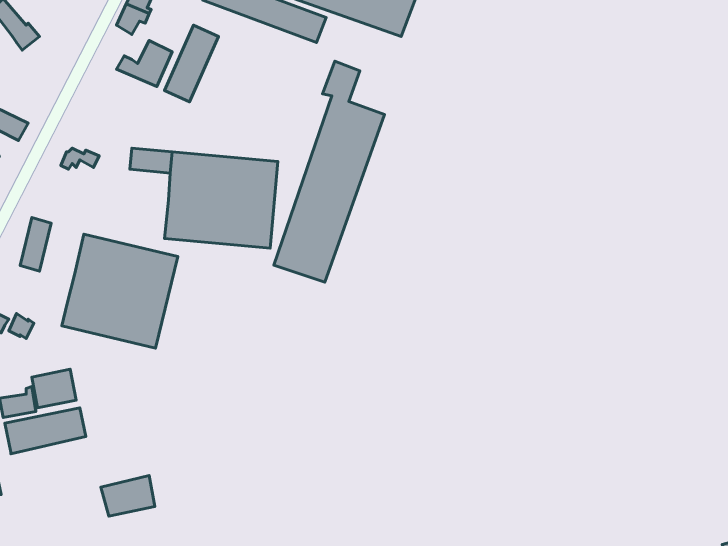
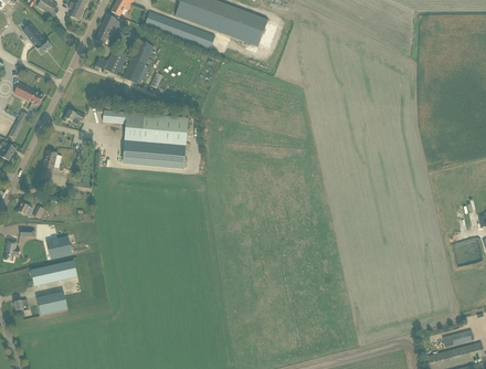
building: [274,61,384,282] -> none
building: [62,234,178,348] -> none
building: [101,476,155,516] -> [36,291,67,314]

